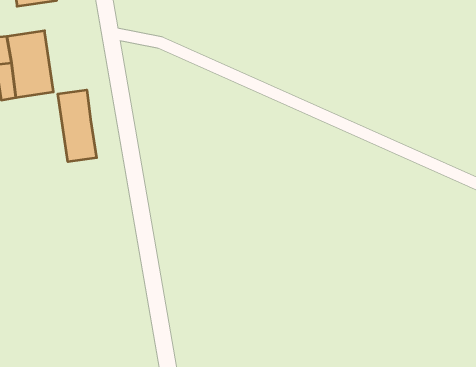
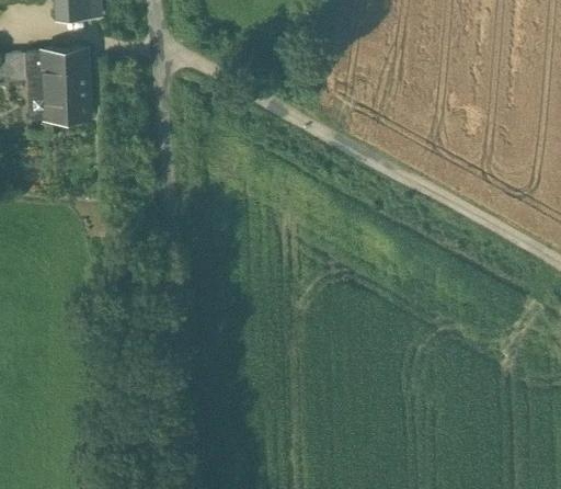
building: [58,90,97,162] -> none

